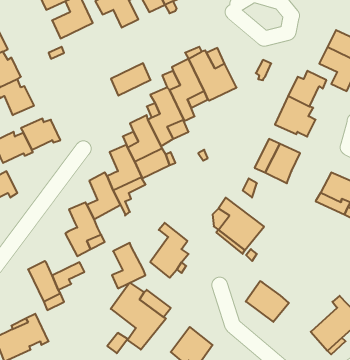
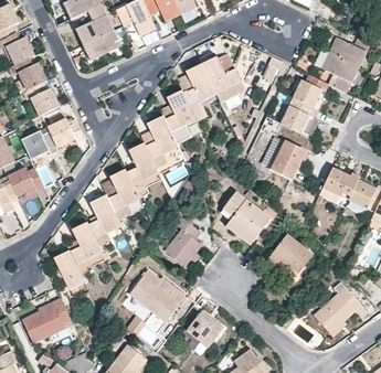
building: [111,63,151,96] -> [83,30,119,60]
building: [112,243,145,288] -> [70,221,100,263]
building: [246,281,289,322] -> [273,234,313,271]

